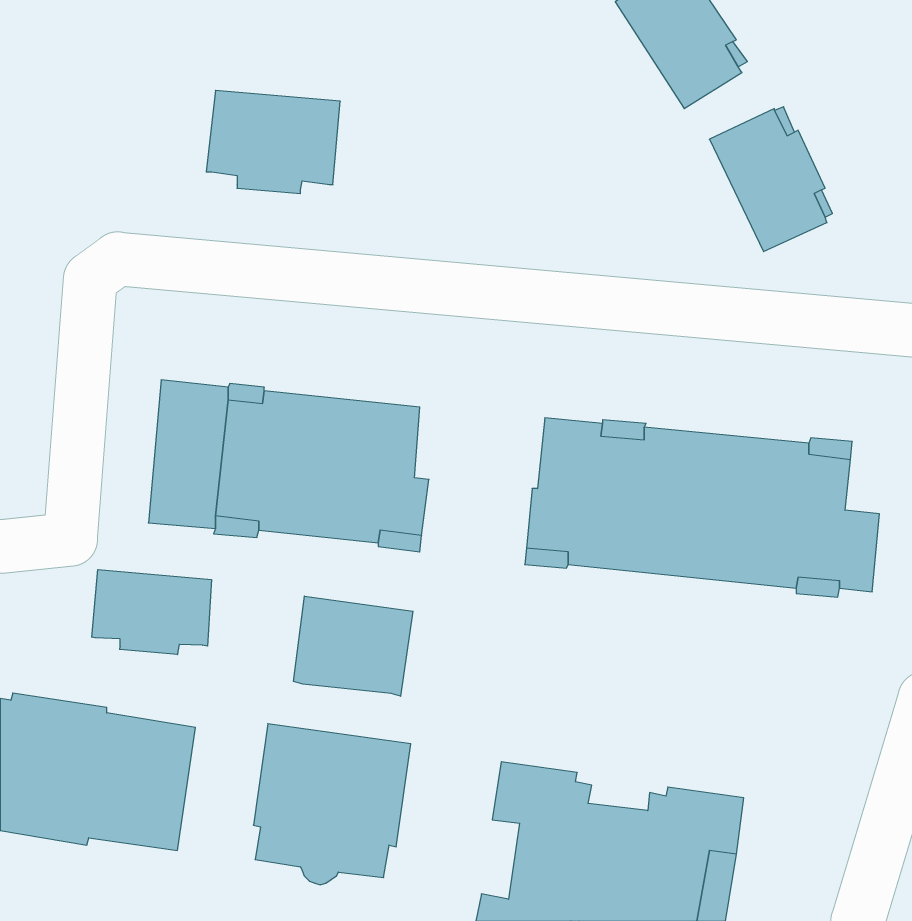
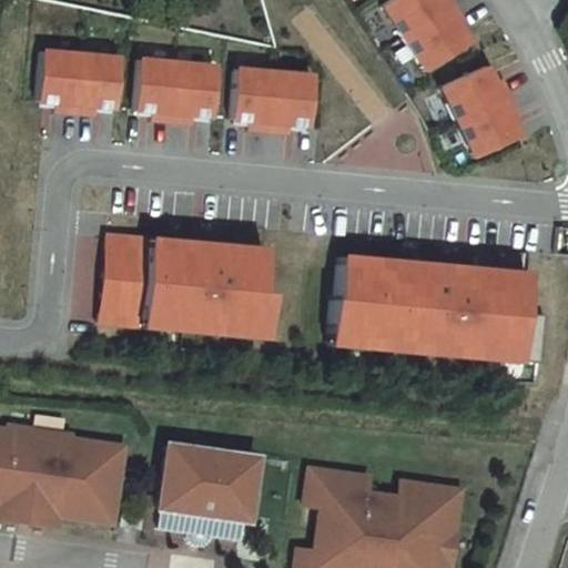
building: none -> [38,47,120,110]
building: none -> [232,65,313,129]
building: [92,570,211,655] -> none
building: [293,596,413,696] -> none

